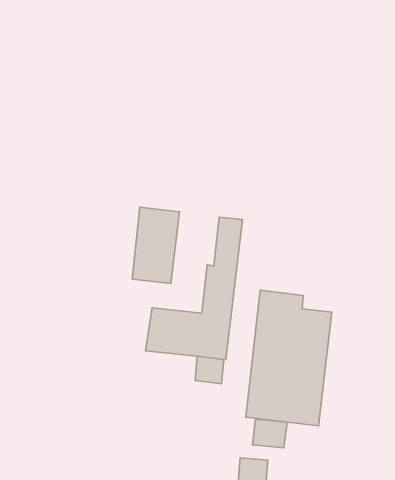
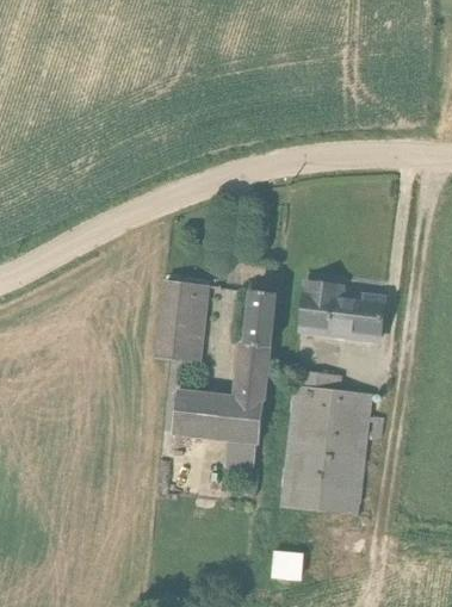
building: none -> [299,281,384,342]
building: [252,419,287,448] -> none

